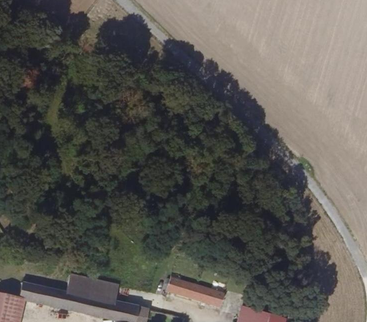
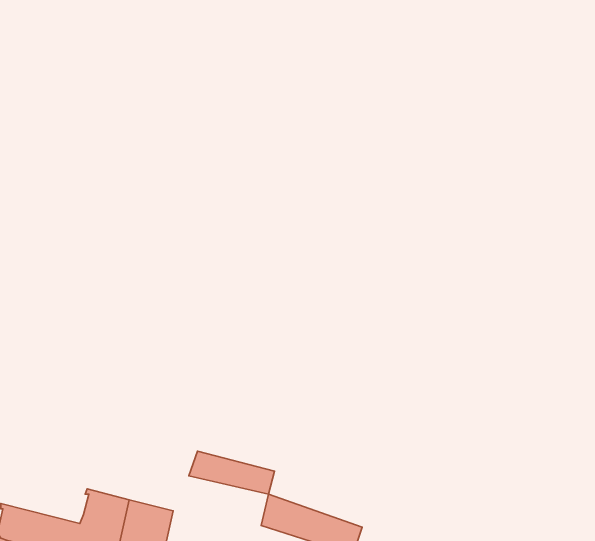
building: none -> [189,451,274,494]

